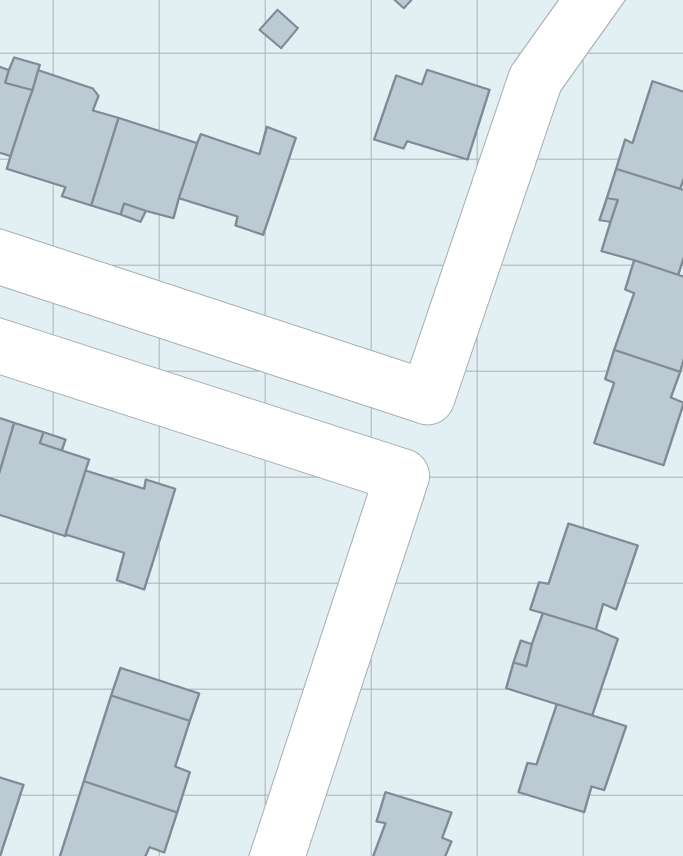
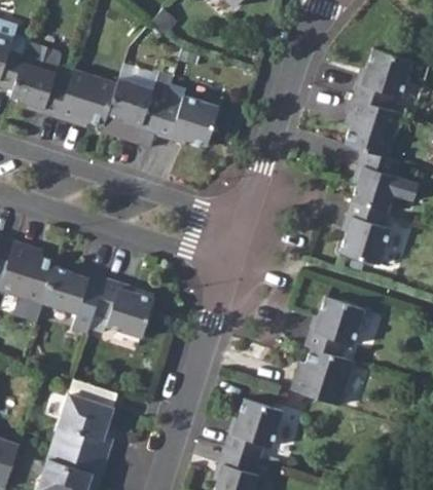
building: [374,70,489,159] -> [154,96,219,146]
building: none -> [94,277,154,338]
building: [518,704,626,812] -> [223,399,284,459]

